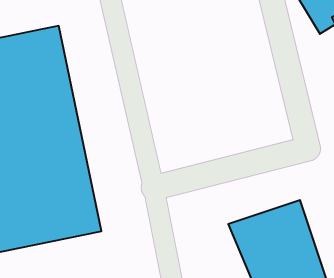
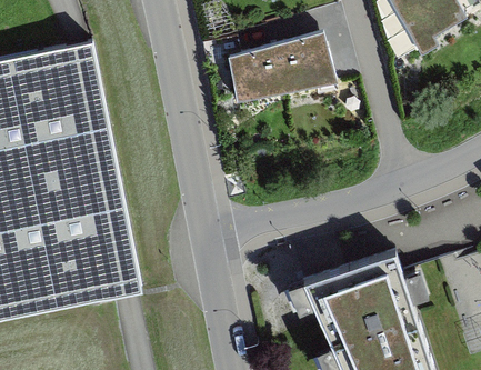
building: none -> [234,24,338,98]

